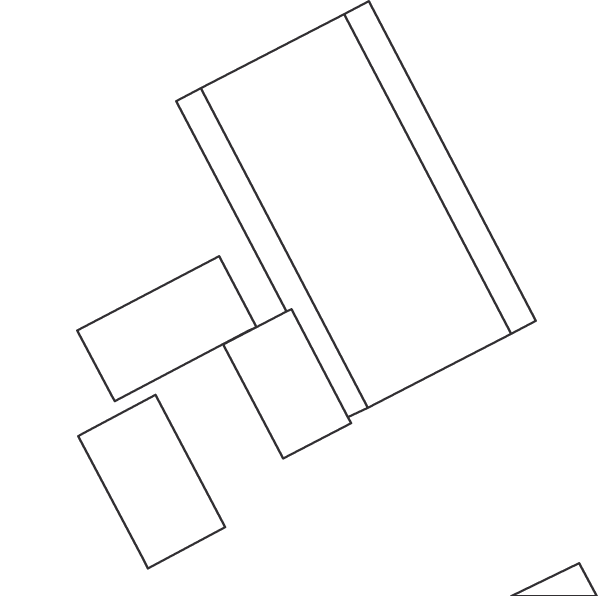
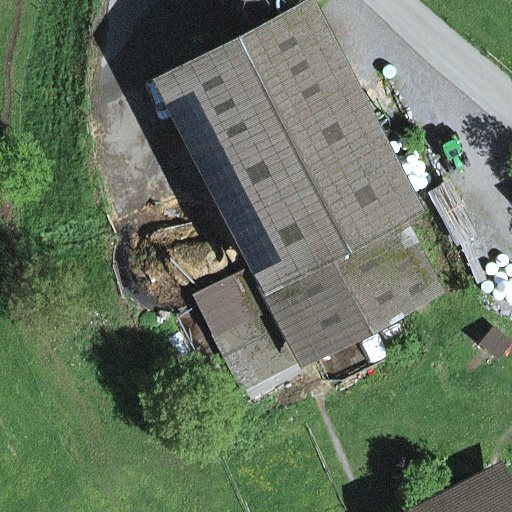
building: [77,256,257,401] -> none
building: [78,395,225,569] -> none

